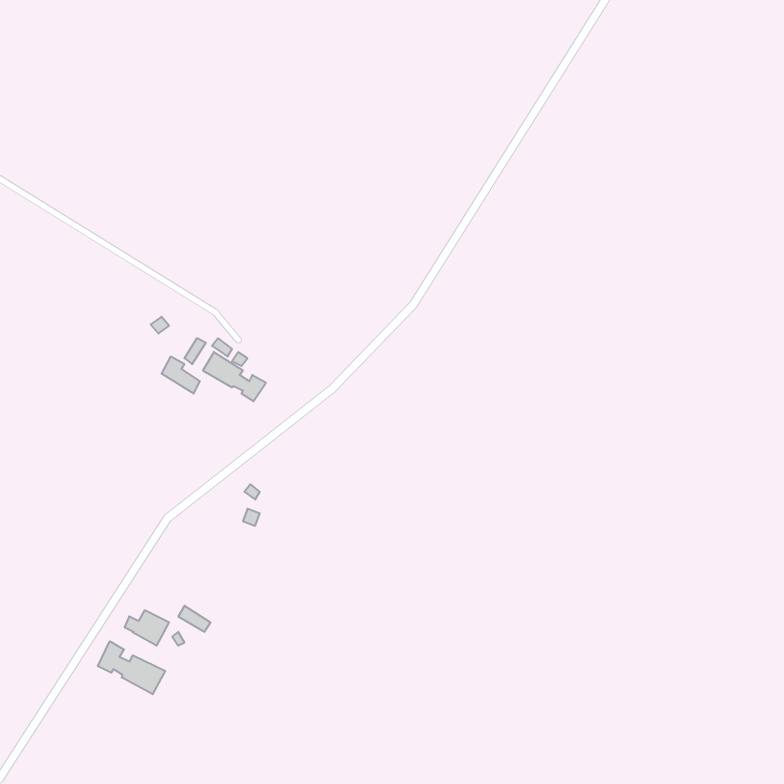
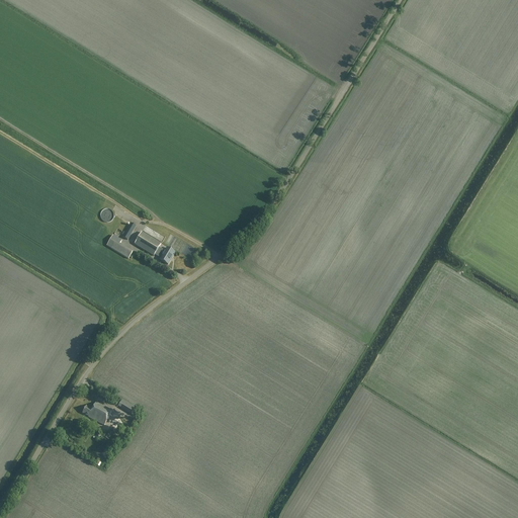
building: [98,641,165,694] -> none

